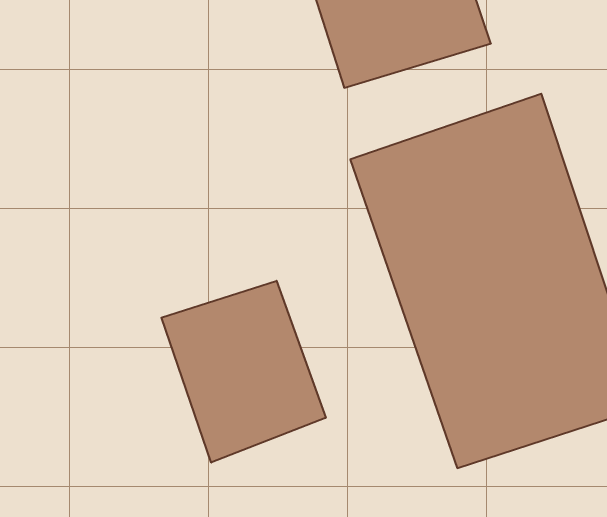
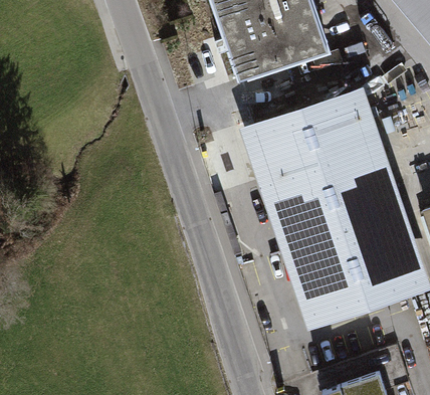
building: [161,281,326,463] -> none

